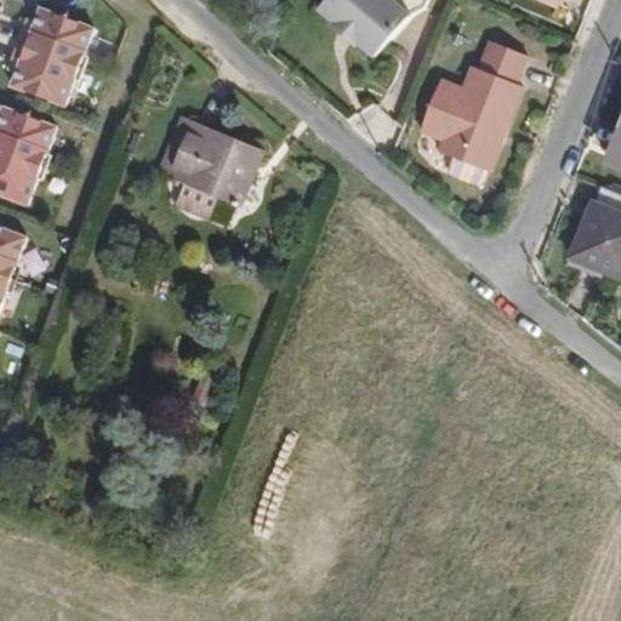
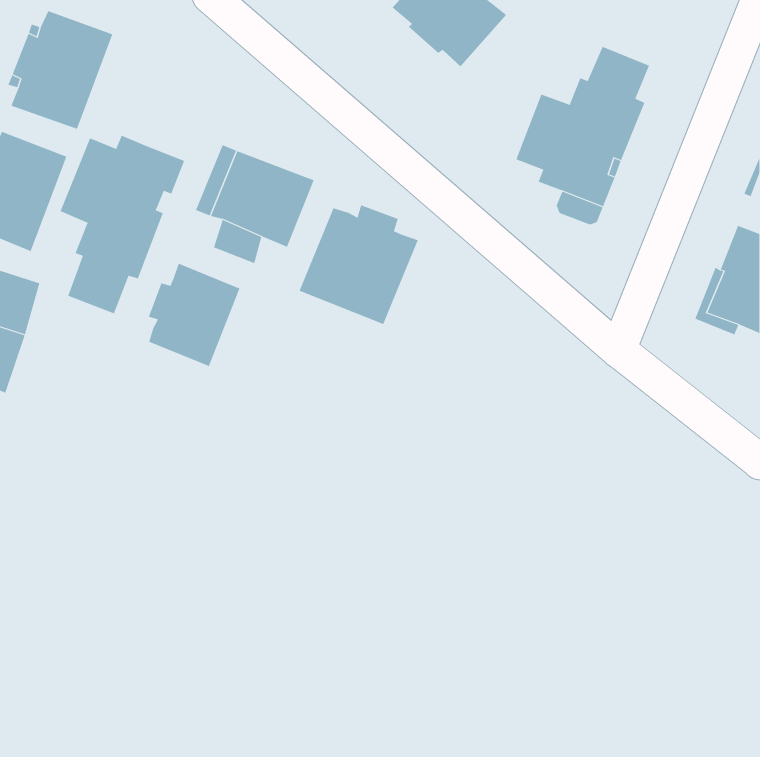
building: none -> [60,135,185,314]
building: none -> [299,204,419,325]
building: none -> [148,263,240,367]

